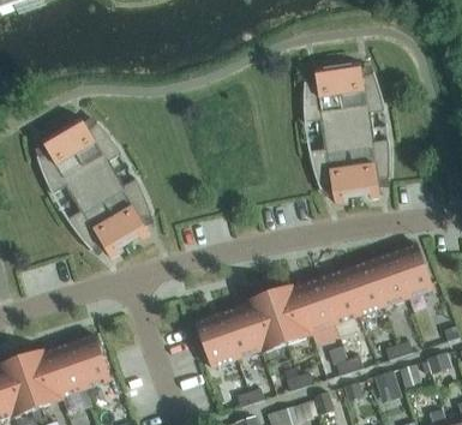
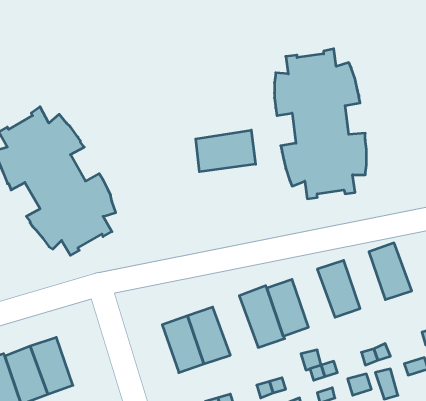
building: none -> [196,130,256,172]
building: [368,253,408,307] -> none
building: [319,270,360,325] -> none
building: [244,295,287,354] -> none

